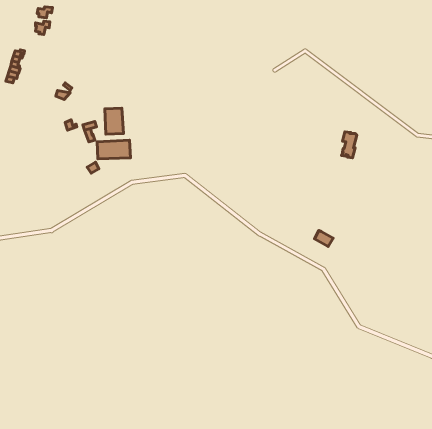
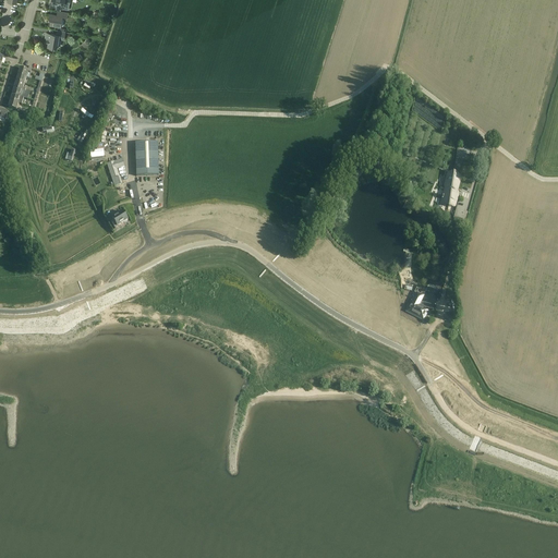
building: [97,140,130,159] -> none

